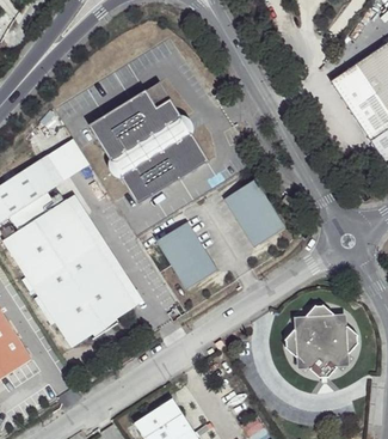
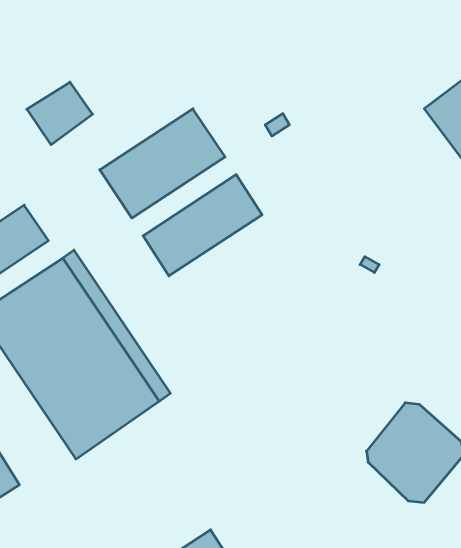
building: [33,136,82,183] -> [27,82,93,145]
building: [228,182,285,245] -> none
building: [160,225,217,289] -> none

